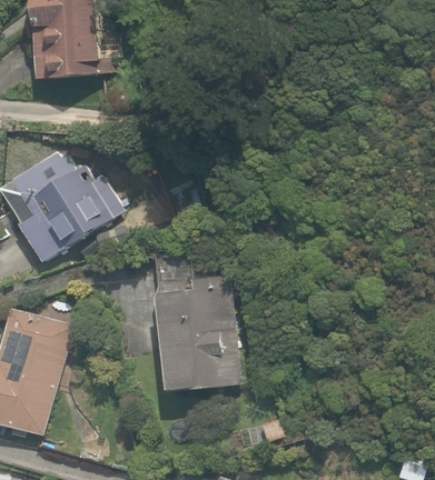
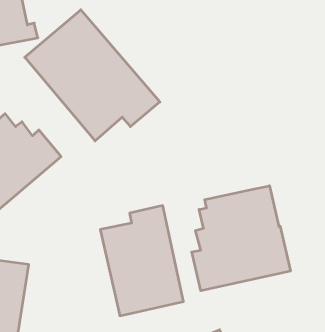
building: none -> [25,10,160,141]
building: none -> [192,186,290,291]

